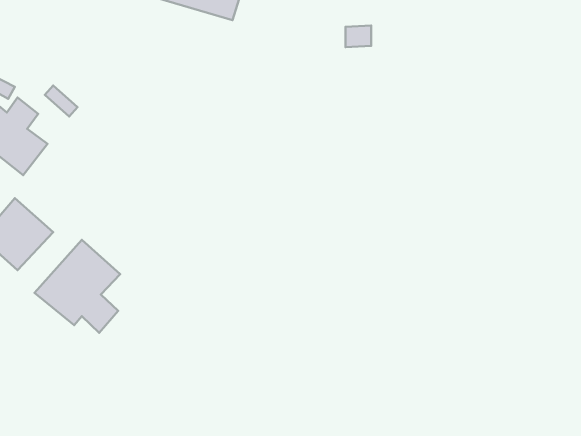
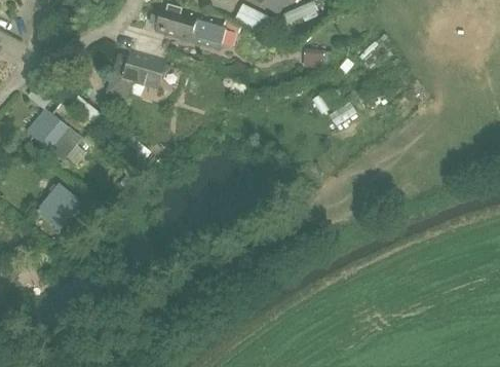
building: none -> [104,48,164,99]
building: [35,240,120,333] -> none

